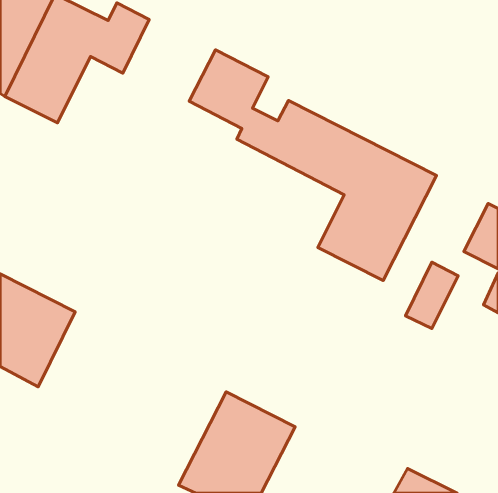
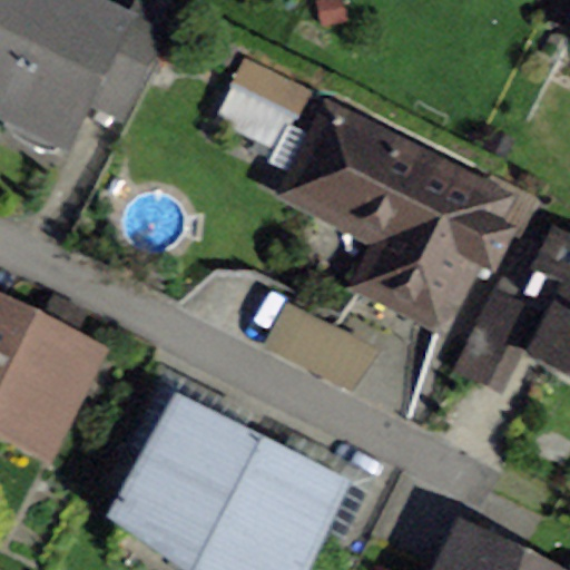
building: none -> [125,407,258,554]

